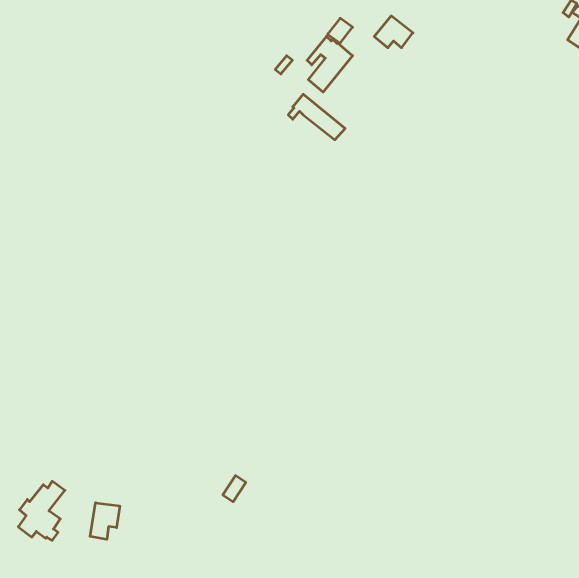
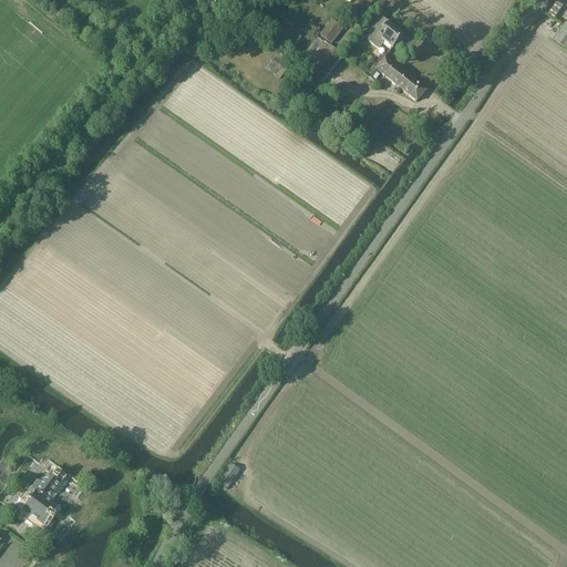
building: [288,94,345,140] -> [371,55,426,100]
building: [90,503,120,539] -> none

